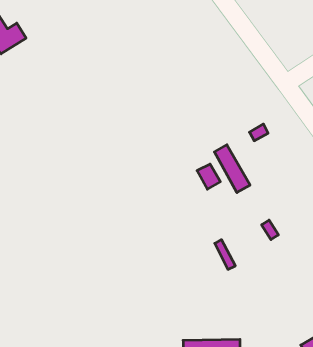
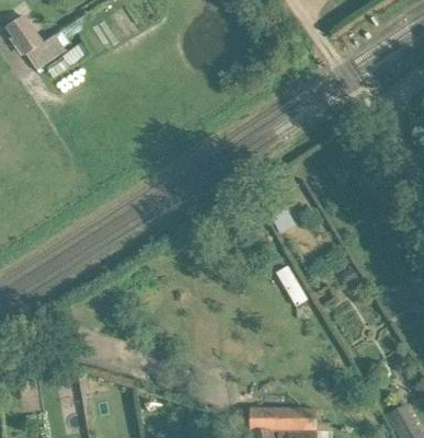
building: [214,145,250,193] -> none

